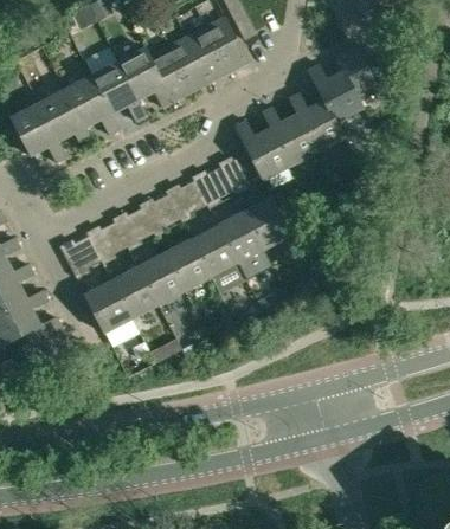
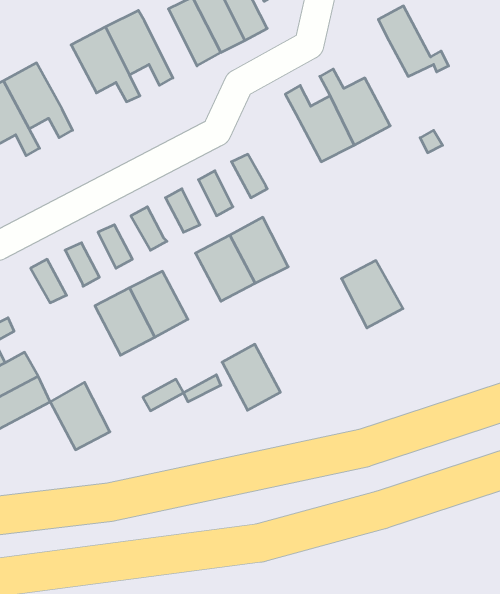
building: [150,46,192,101] -> none
building: [308,64,364,123] -> none
building: [65,75,121,134] -> none
building: [236,121,290,181] -> none
building: [244,196,292,250] -> [341,261,403,328]
building: [165,239,211,291] -> [222,344,280,410]
building: [84,280,131,334] -> [50,382,110,450]

